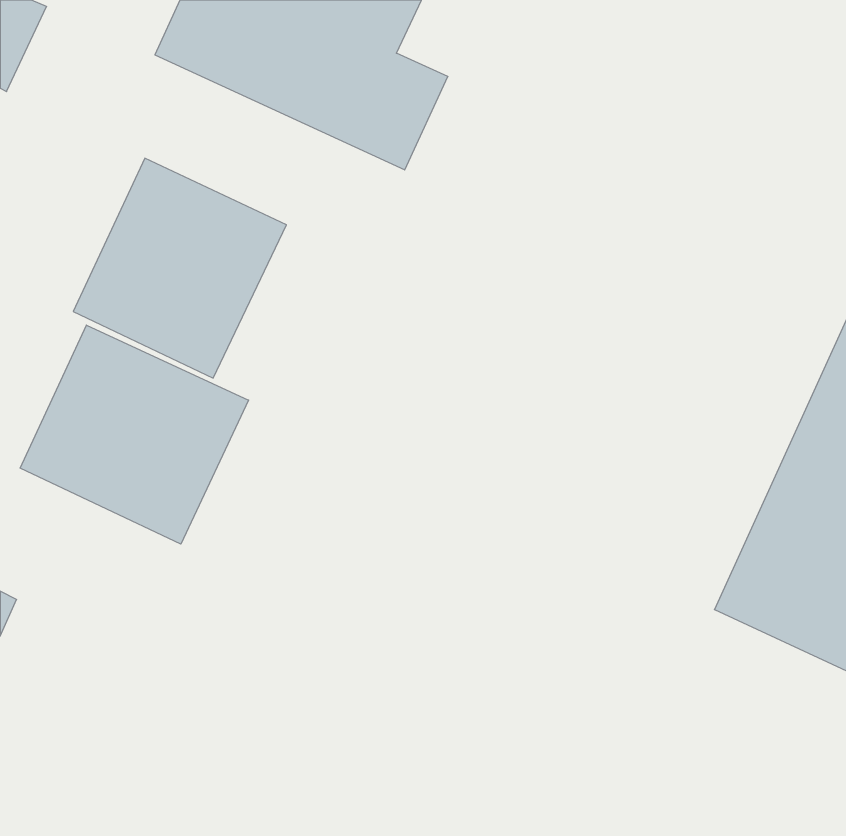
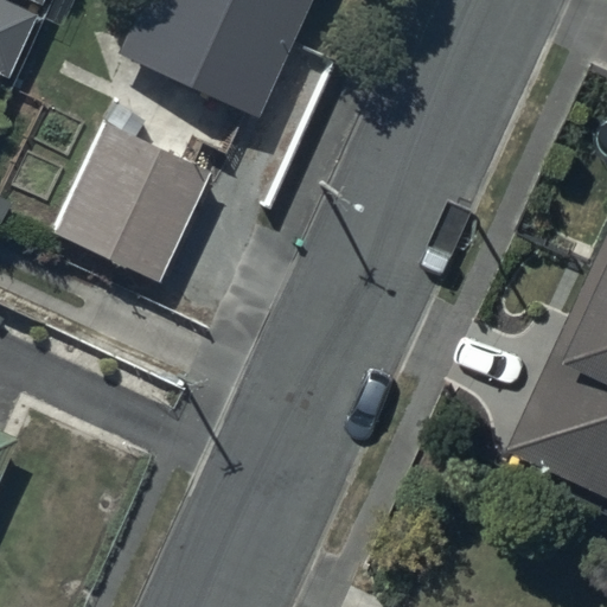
building: [20,325,249,544] -> none

